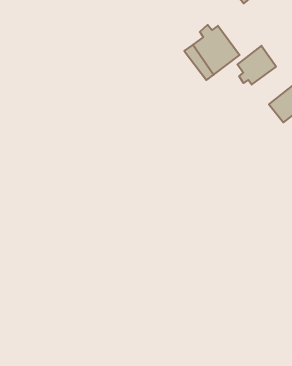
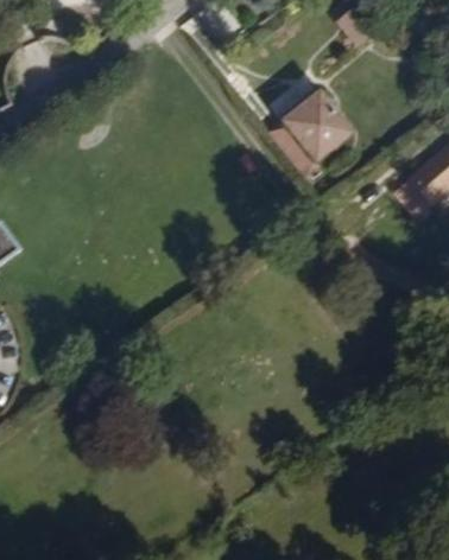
building: [237,46,276,85] -> none

